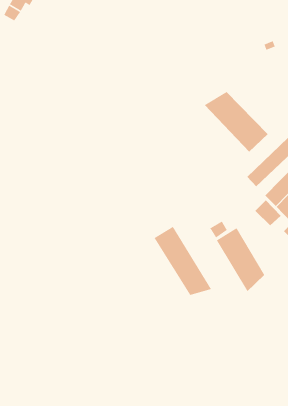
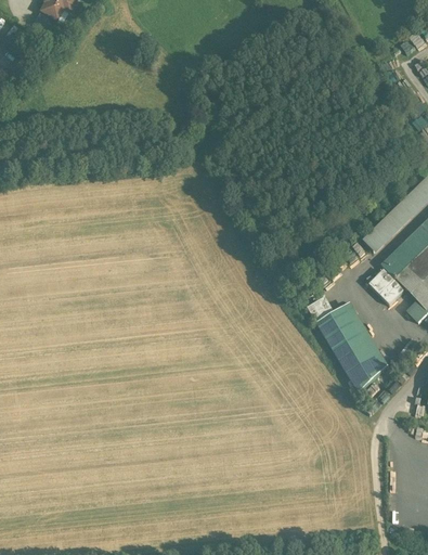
building: [204,91,268,152] -> none
building: [153,226,212,296] -> none

